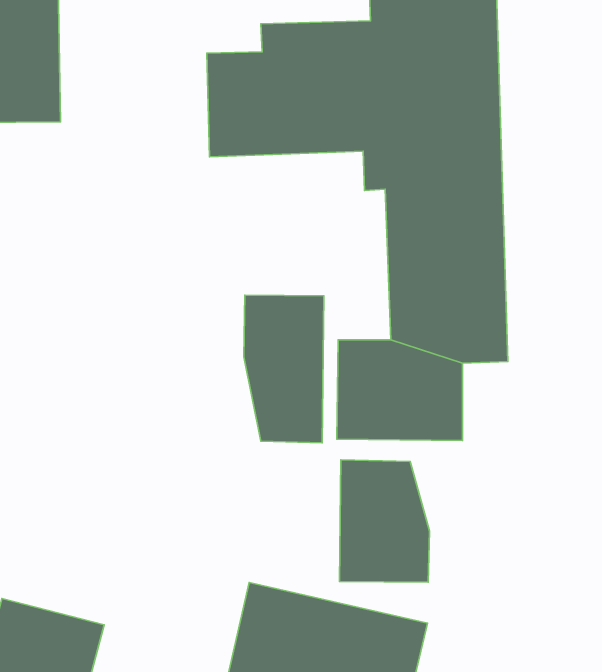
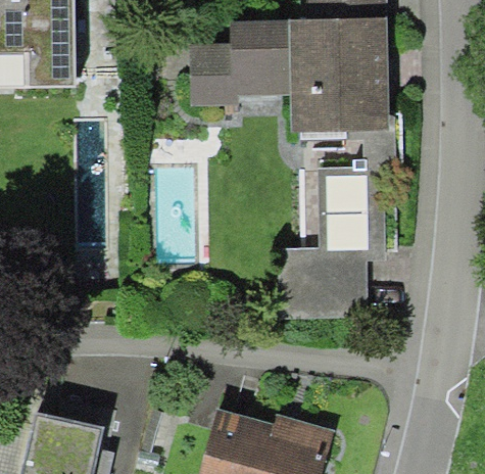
building: [244,295,324,443] -> none
building: [339,460,429,582] -> none

